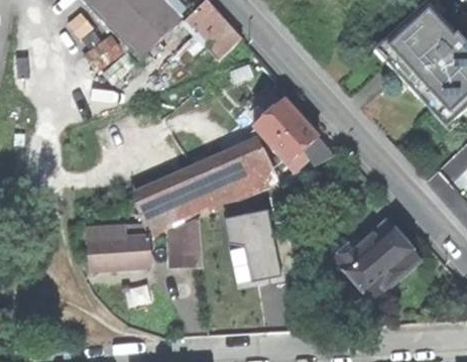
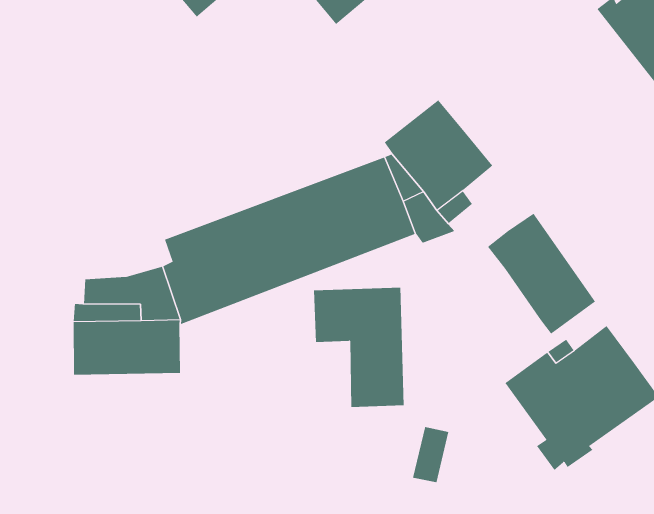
building: none -> [487,213,596,335]
building: [169,218,203,267] -> none

